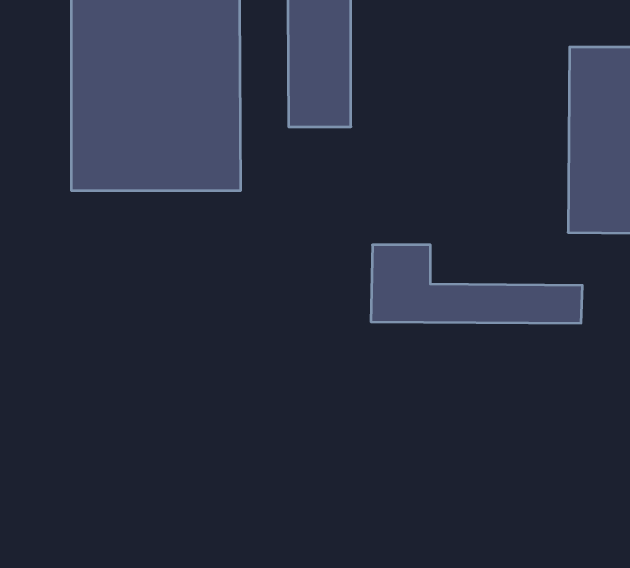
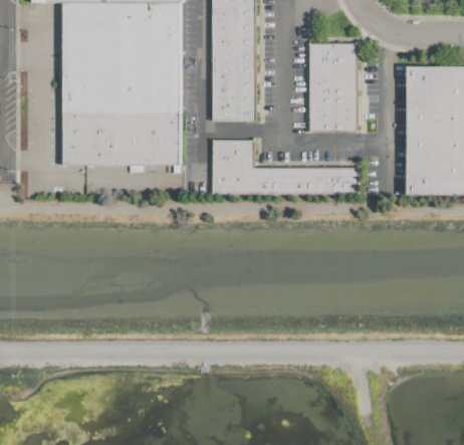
building: none -> [308,42,357,131]
building: [371,245,582,323] -> [212,140,359,194]

